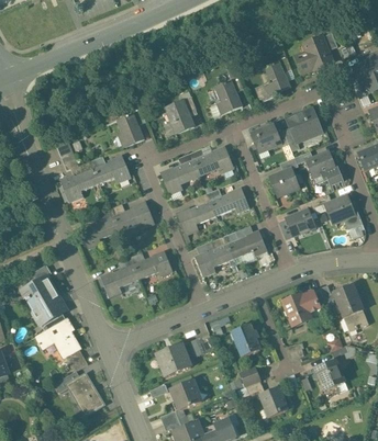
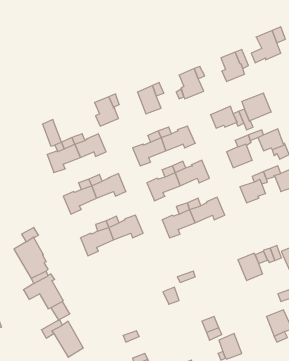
building: [232,325,259,357] -> none
building: [157,343,191,376] -> none
building: [170,380,201,410] -> none

